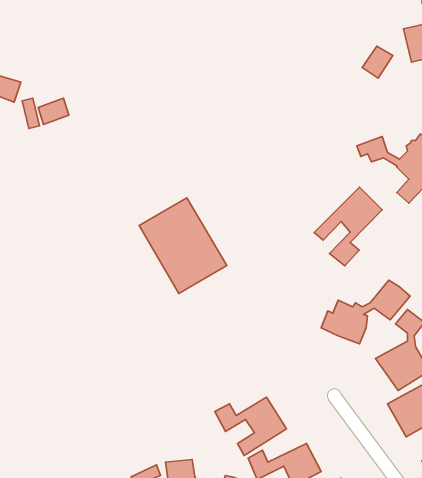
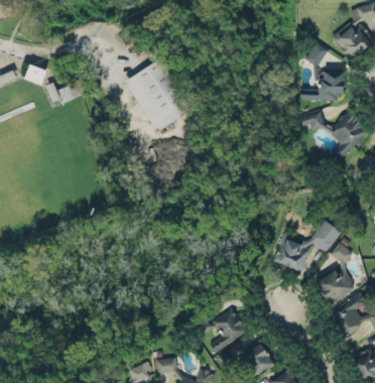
building: none -> [299,72,344,101]
building: [314,187,382,266] -> none
building: [139,198,227,293] -> [126,59,193,132]

